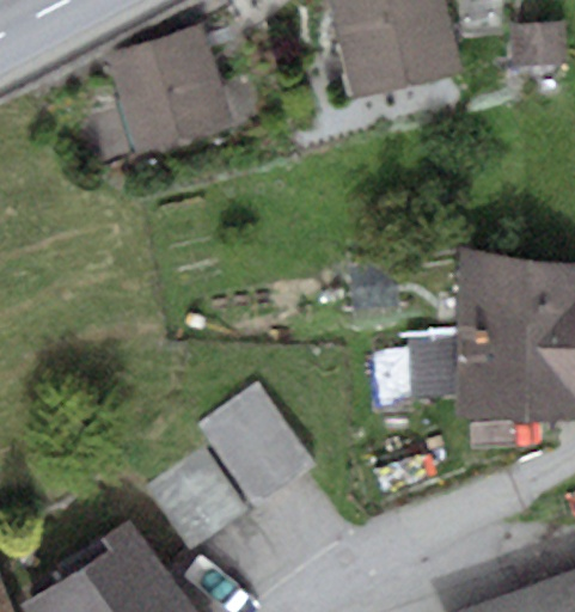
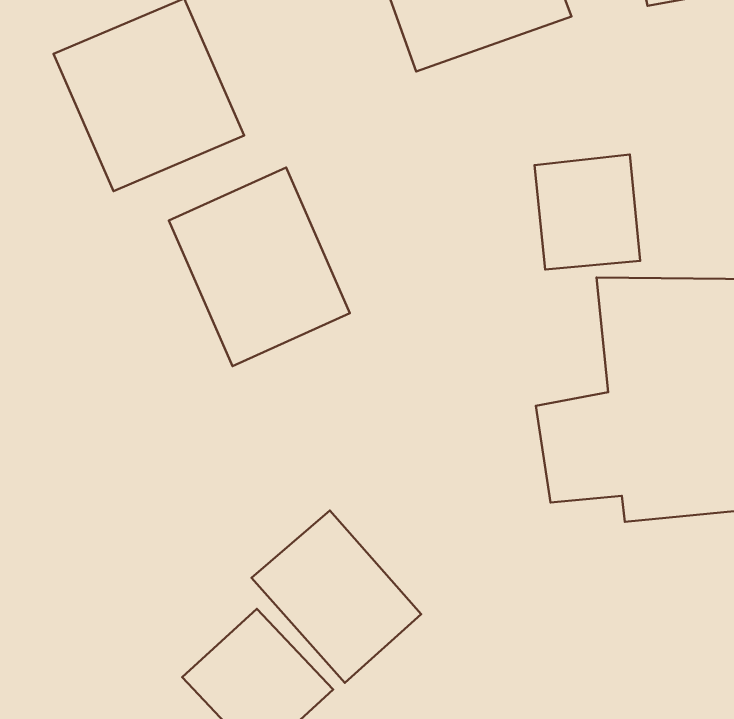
building: none -> [169,168,350,366]
building: none -> [534,155,640,270]

